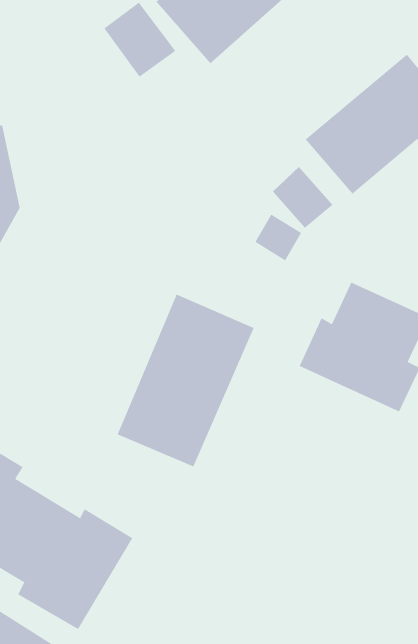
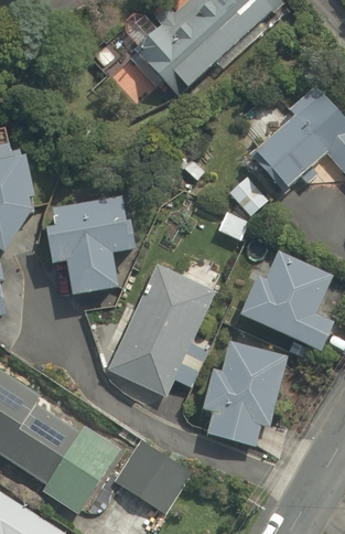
building: none -> [46,190,134,290]
building: none -> [205,344,285,448]
building: none -> [108,438,184,511]

